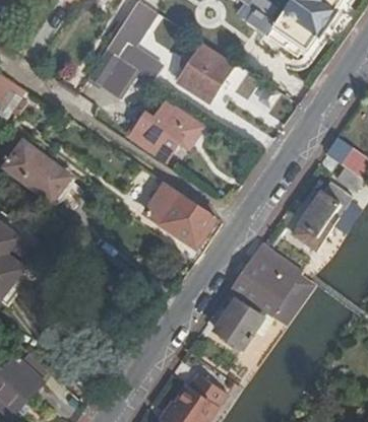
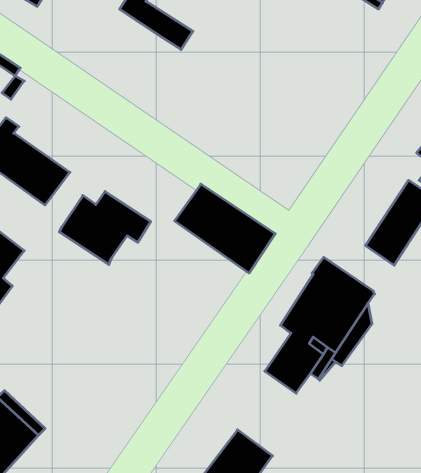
building: [177,48,231,103] -> none
building: [86,50,138,99] -> none
building: [127,104,198,161] -> [59,191,151,265]

